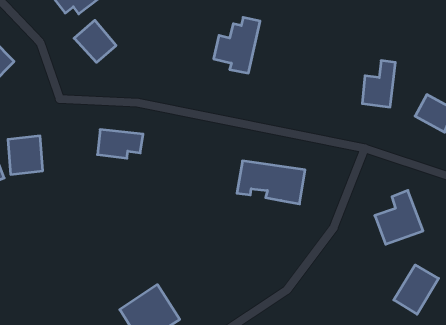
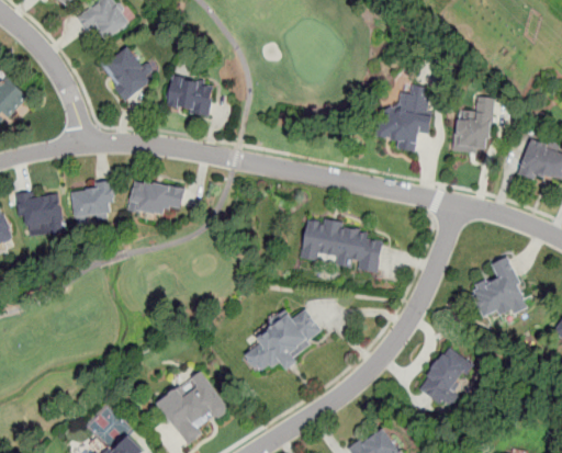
building: [214,17,260,73] -> [374,84,431,152]
building: none -> [164,76,212,114]
building: none -> [71,184,114,225]
building: none -> [240,307,324,376]
building: [394,265,439,314] -> [418,347,473,407]

